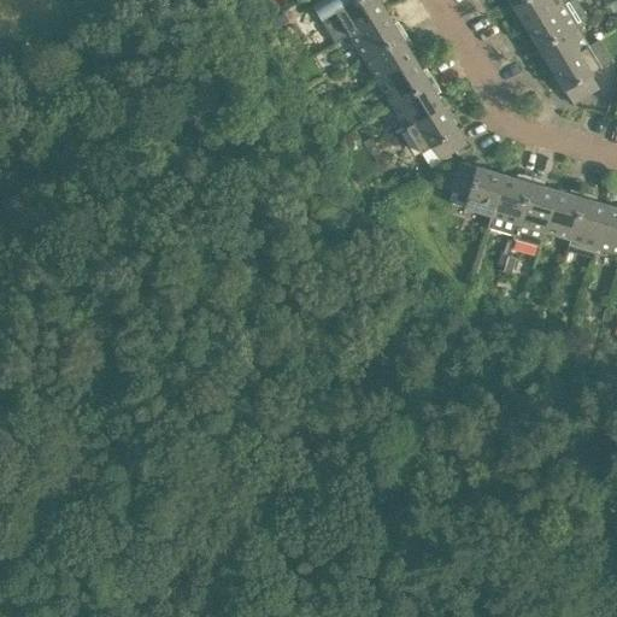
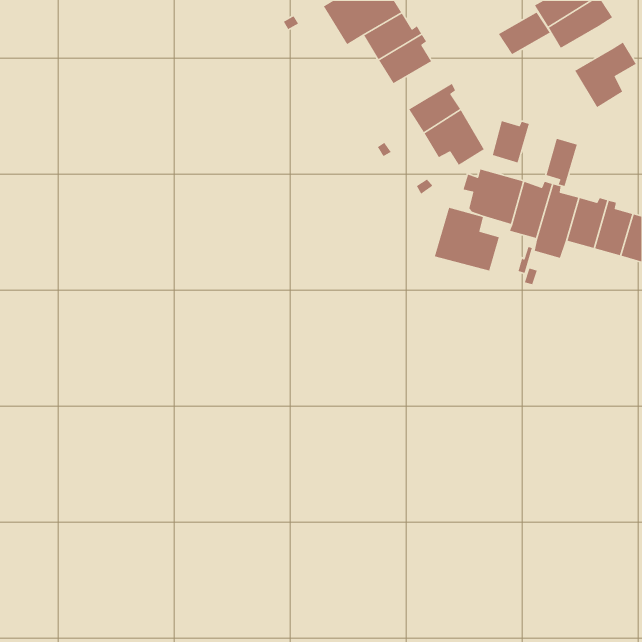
building: [537,25,588,67] -> [498,11,551,55]
building: [377,59,434,105] -> none
building: none -> [492,120,530,164]
building: none -> [546,138,578,187]
building: none -> [434,207,500,272]

